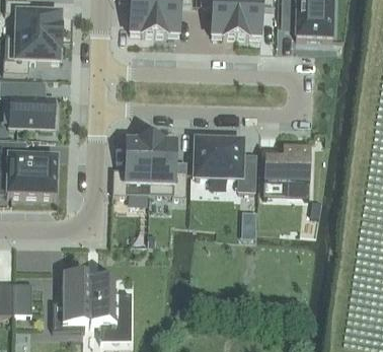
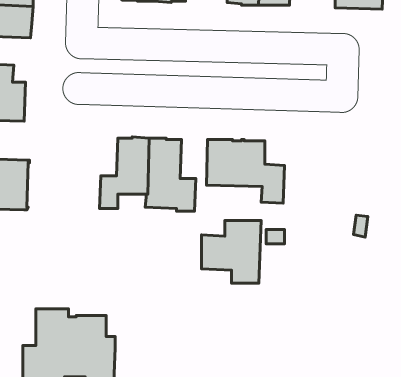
building: [264,143,311,192] -> [201,220,261,283]

